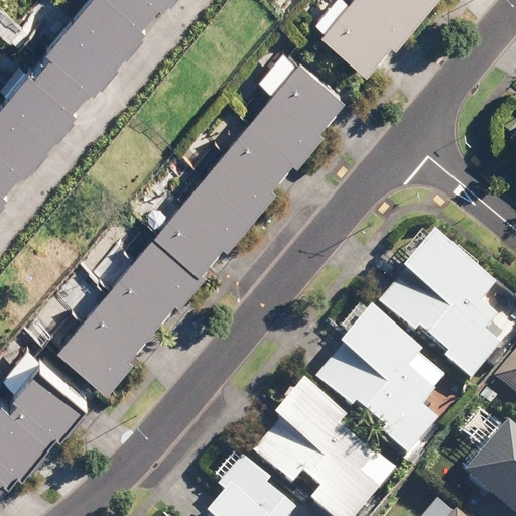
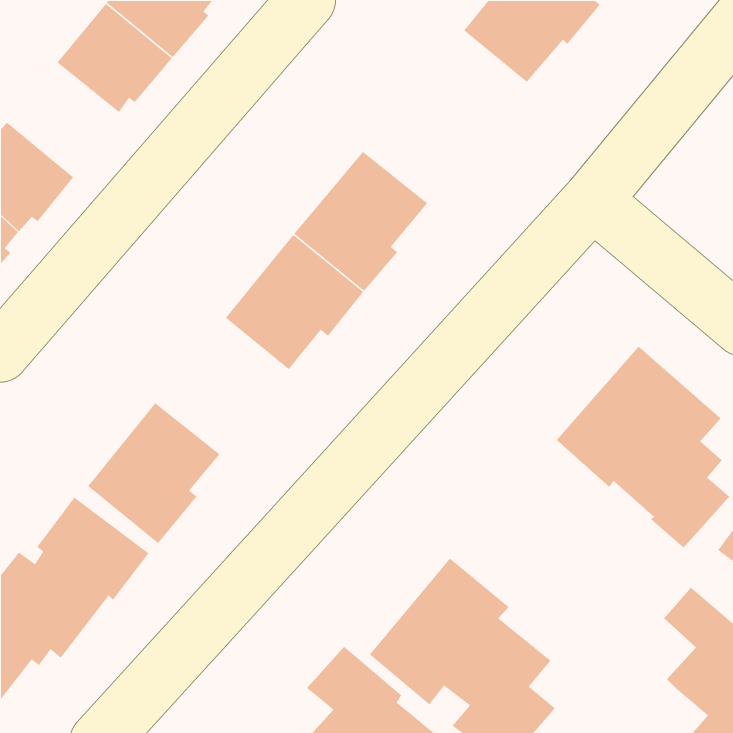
building: [11,49,89,129] -> none
building: [258,52,351,151] -> none
building: [114,227,212,321] -> none
building: [328,310,455,465] -> none

